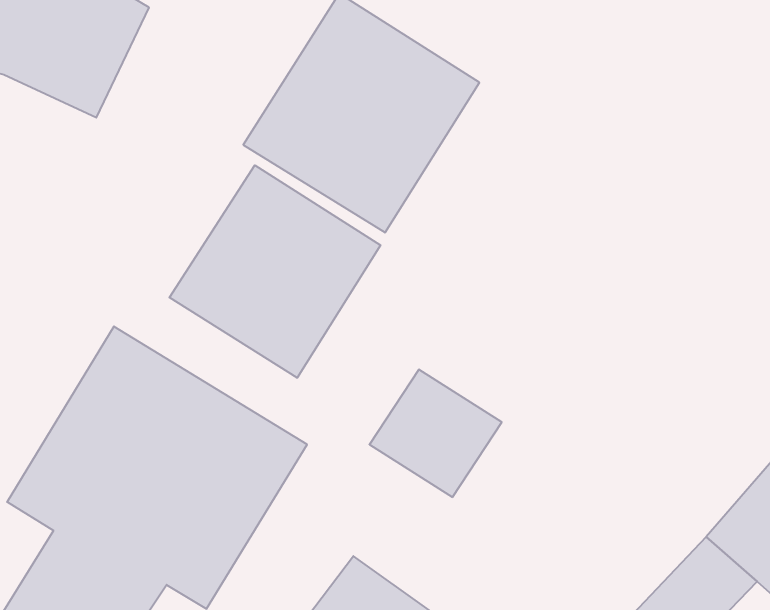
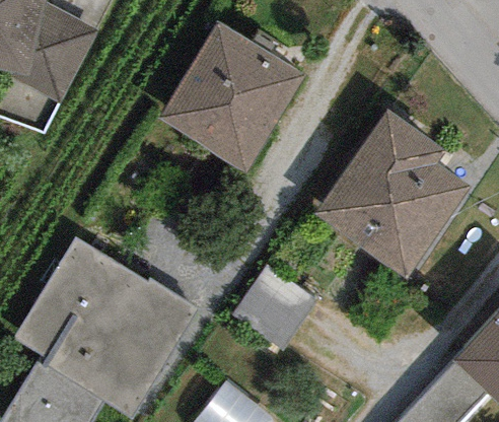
building: none -> [307,109,473,284]
building: [169,165,380,378] -> none

